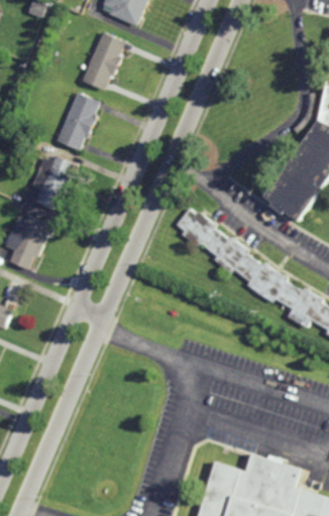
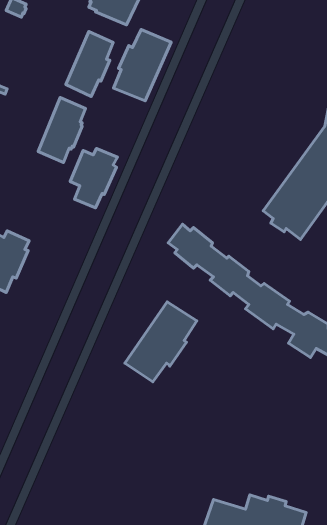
building: none -> [114,30,171,101]
building: [30,155,74,210] -> [70,148,117,208]
building: none -> [125,302,197,382]

